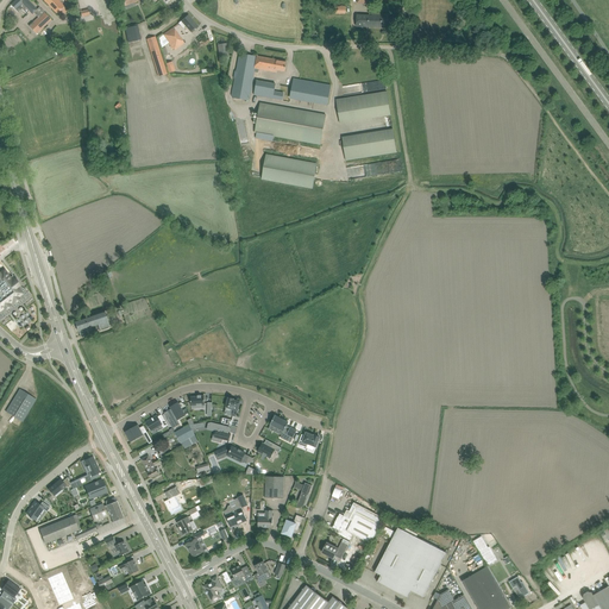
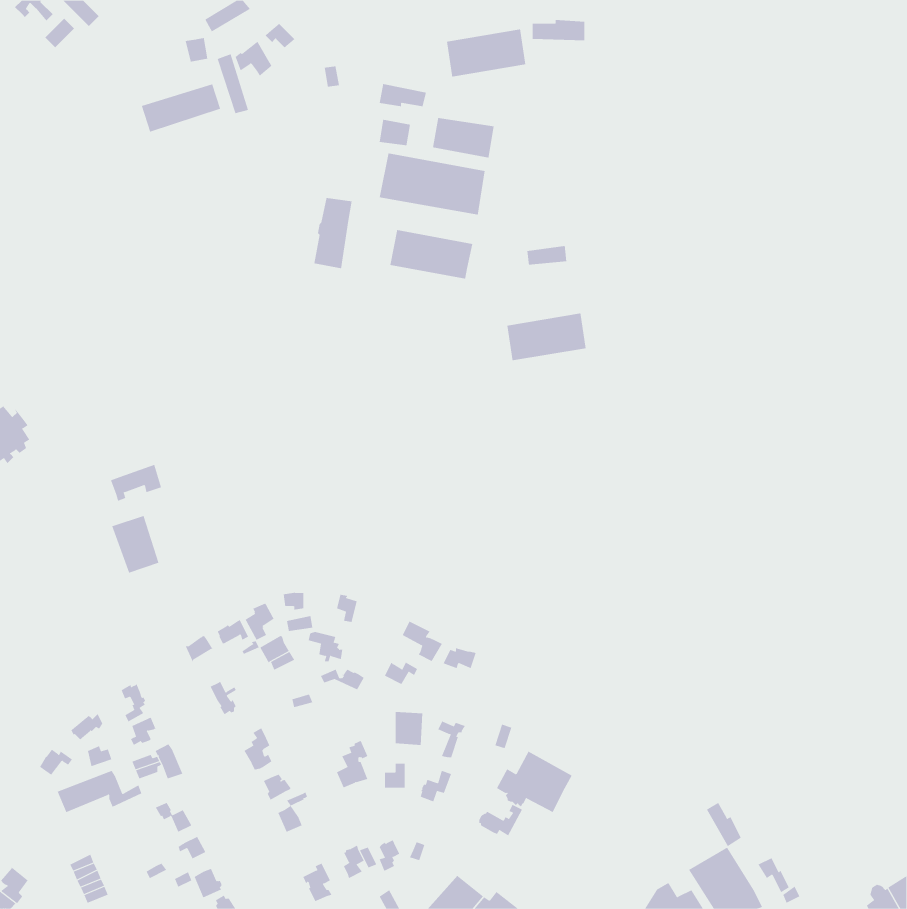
building: [230,54,256,101] -> [313,198,353,269]
building: none -> [141,84,221,132]
building: [335,92,389,124] -> [446,29,526,77]
building: [341,128,395,161] -> [507,313,587,361]
building: none -> [112,515,159,573]
building: [5,389,34,422] -> none
building: [373,526,446,598] -> none

